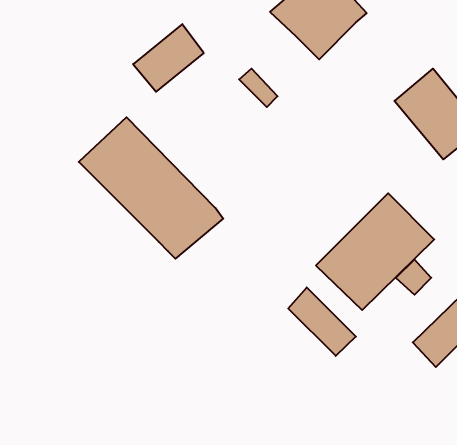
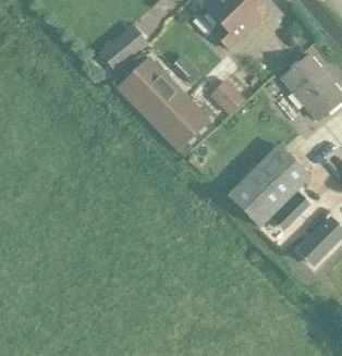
building: none -> [209,78,246,115]
building: [79,117,223,259] -> [114,56,217,156]
building: [288,287,356,356] -> none

